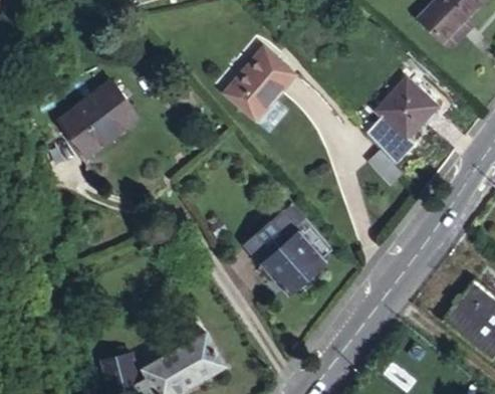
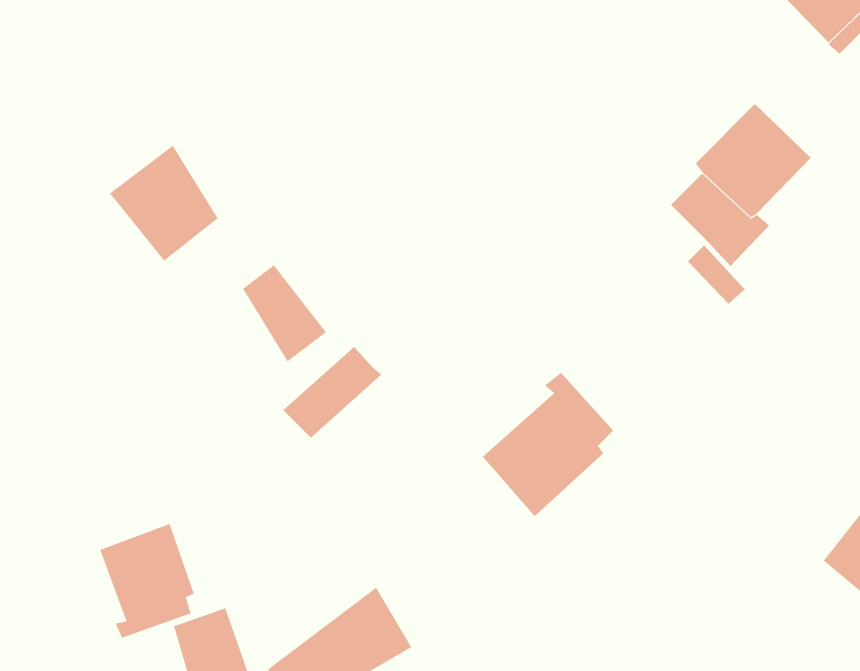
building: [225,46,296,121] -> none
building: [94,81,140,134] -> [242,264,327,362]
building: [244,212,297,261] -> [283,346,382,438]
building: none -> [99,523,194,639]

